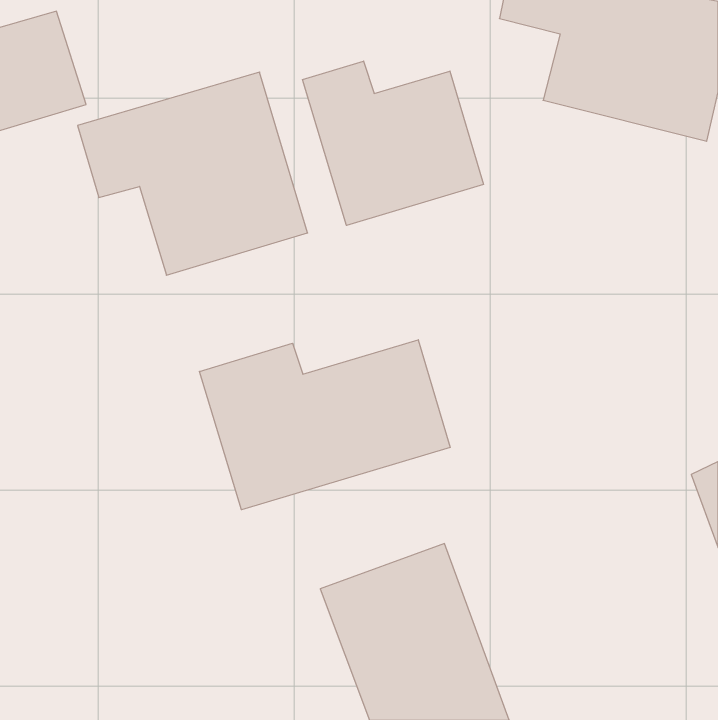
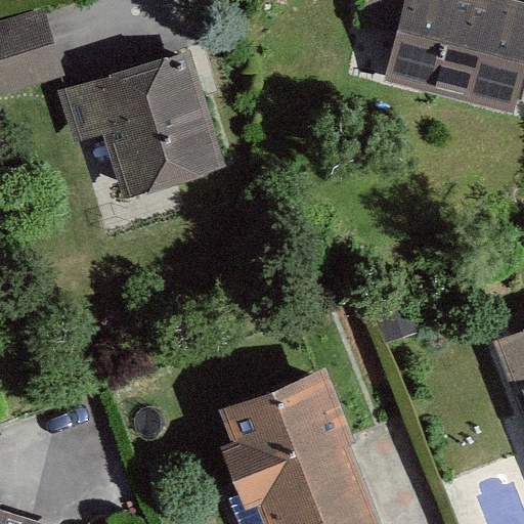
building: [302,61,483,225] -> none
building: [199,340,450,510] -> none

